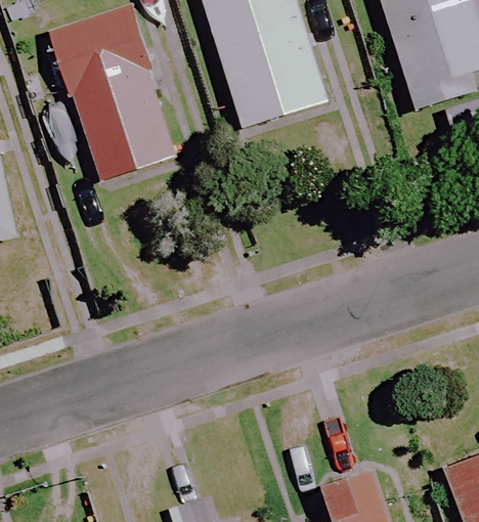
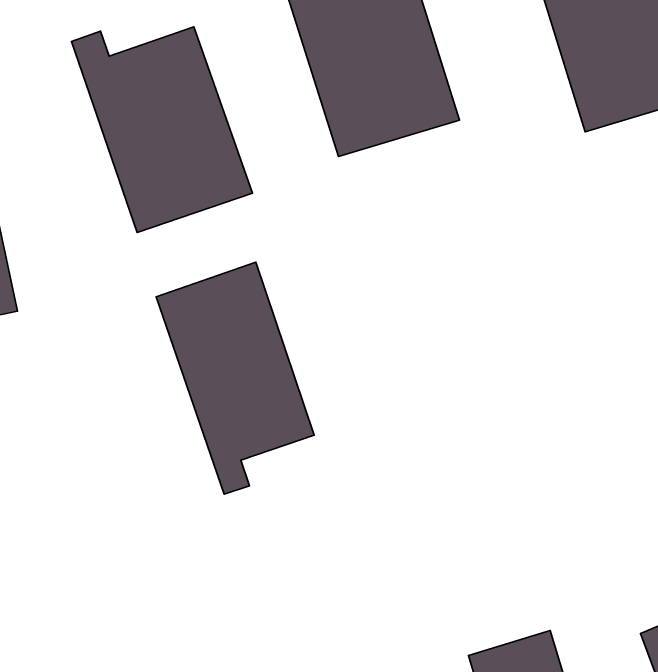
building: none -> [156,262,314,494]

